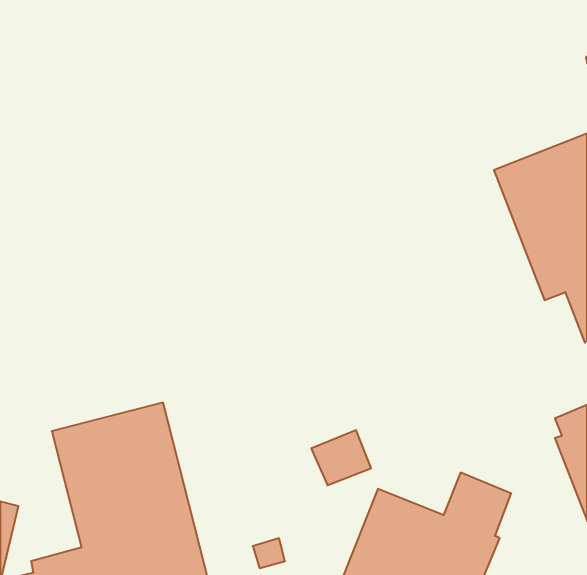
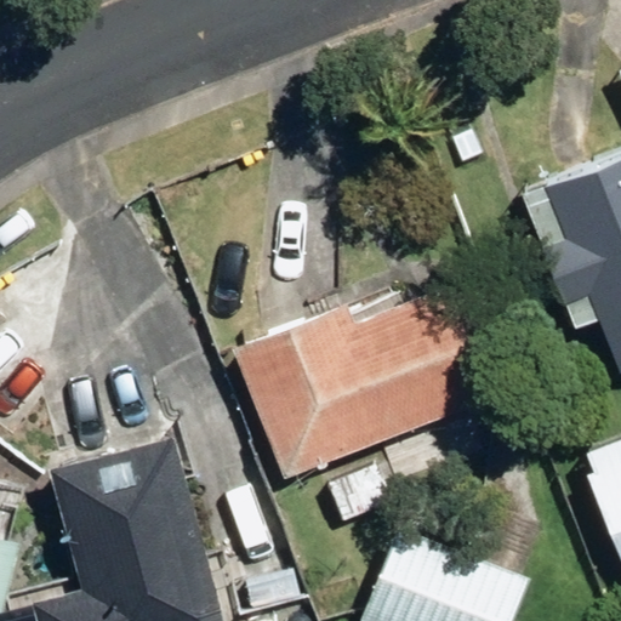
building: none -> [232,292,488,480]

